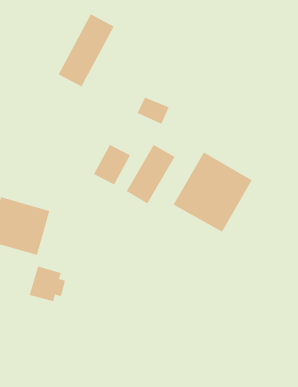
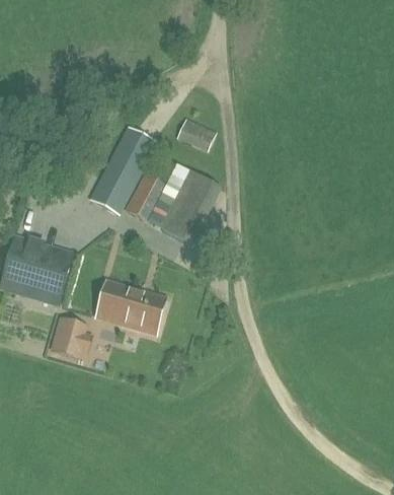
building: [58,13,114,87] -> [88,126,155,213]
building: [173,152,253,233] -> none
building: none -> [96,281,166,334]

